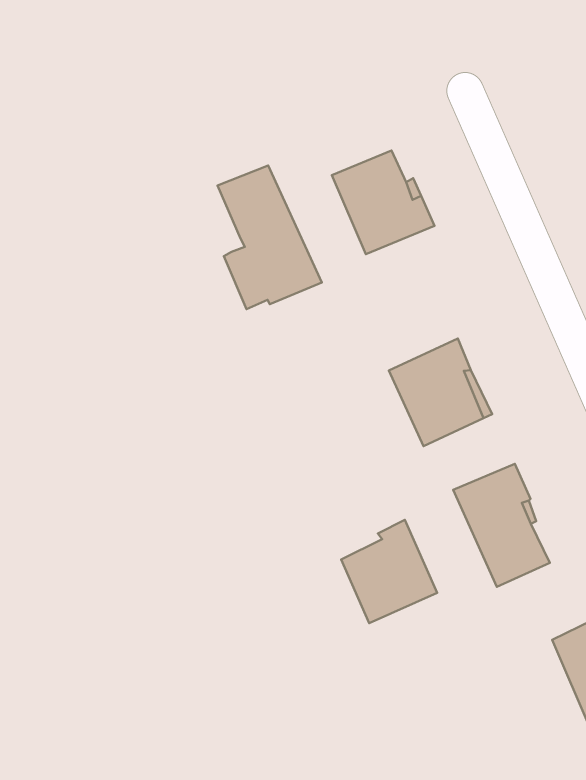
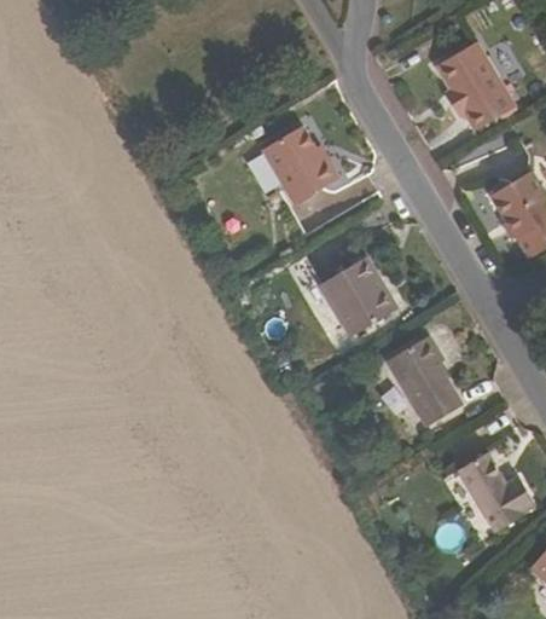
building: [218,166,322,309] -> none
building: [341,520,437,623] -> none

